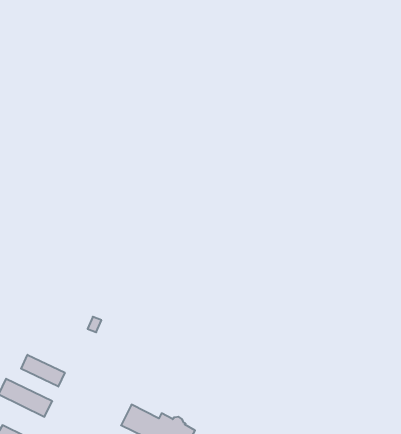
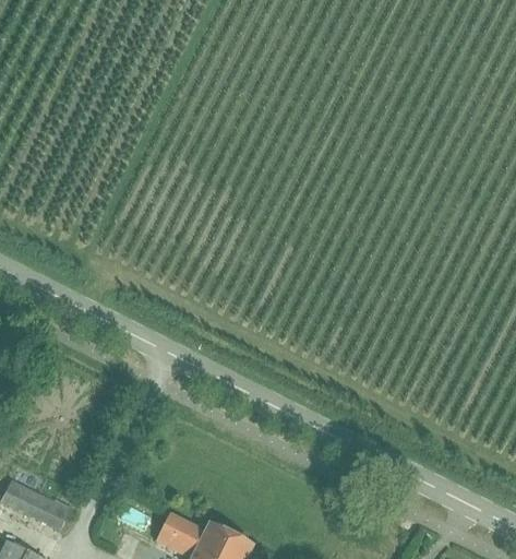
building: [21,355,65,387] -> none

